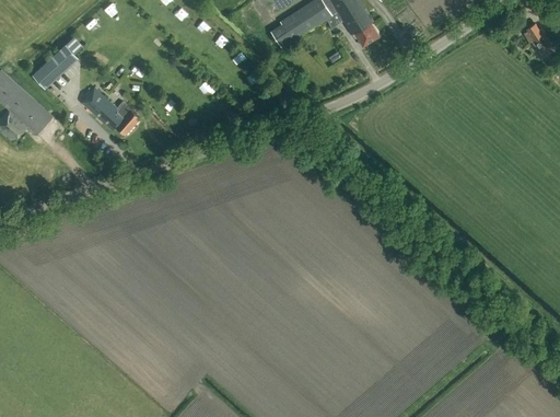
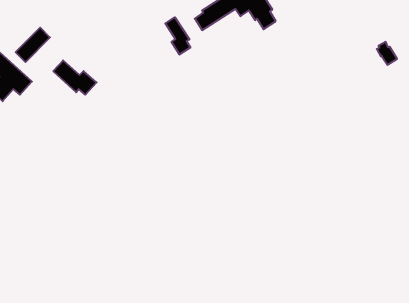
building: [523,23,550,54] -> [377,42,397,65]
building: none -> [165,17,190,55]

